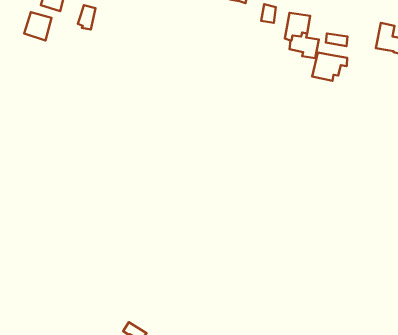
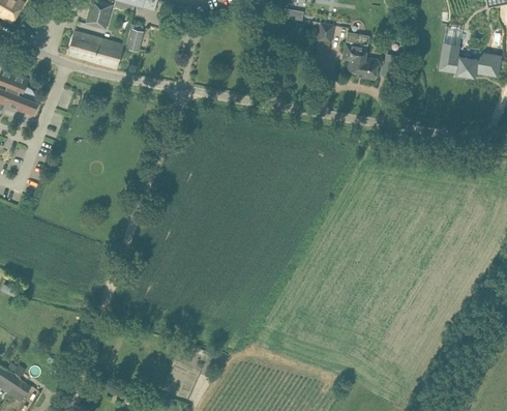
building: none -> [90,37,124,68]
building: [312,52,347,81] -> none

